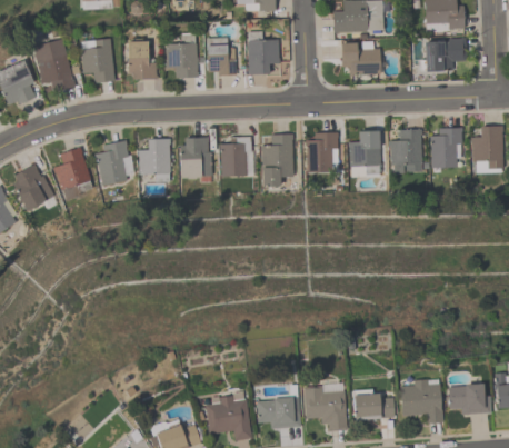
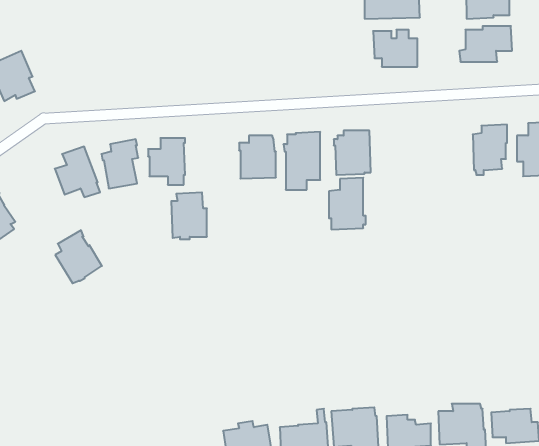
building: [248,31,280,73] -> none
building: [166,33,199,78] -> none
building: [32,38,76,91] -> none
building: [81,38,114,82] -> none
building: [207,38,237,76] -> none
building: [128,41,158,79] -> none
building: [389,129,422,173] -> none
building: [349,130,382,177] -> [329,178,366,229]
building: [180,137,212,179] -> [171,192,207,239]
building: [12,162,54,210] -> [55,230,102,283]

